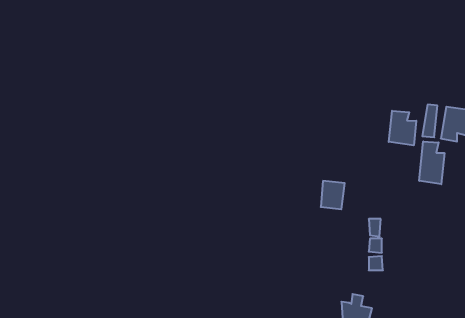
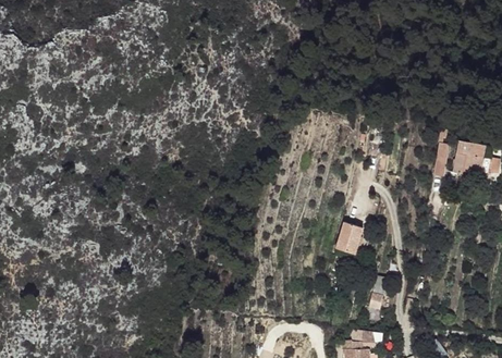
building: [389,111,416,145] -> none
building: [419,141,444,184] -> none

